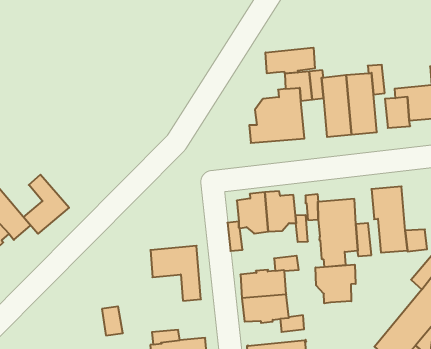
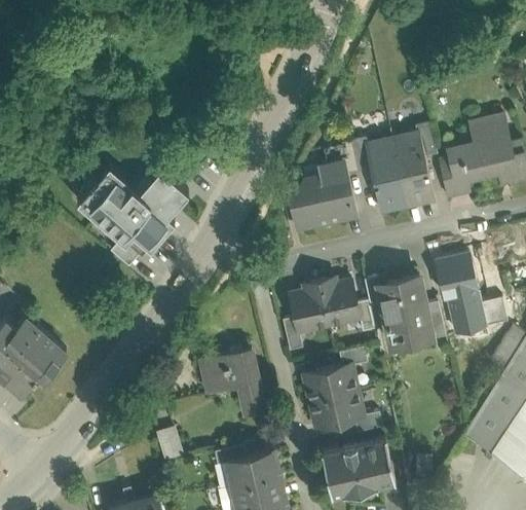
building: [266,48,315,73] -> none
building: none -> [77,165,189,251]
building: [23,175,69,234] -> none
building: [316,265,356,303] -> none

